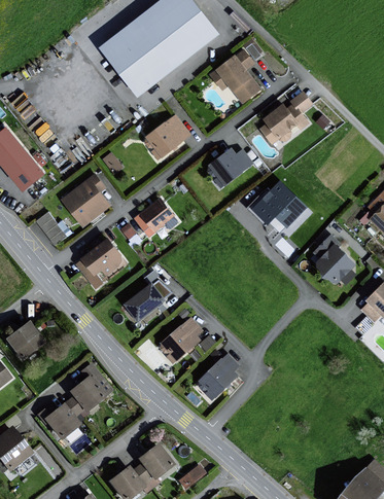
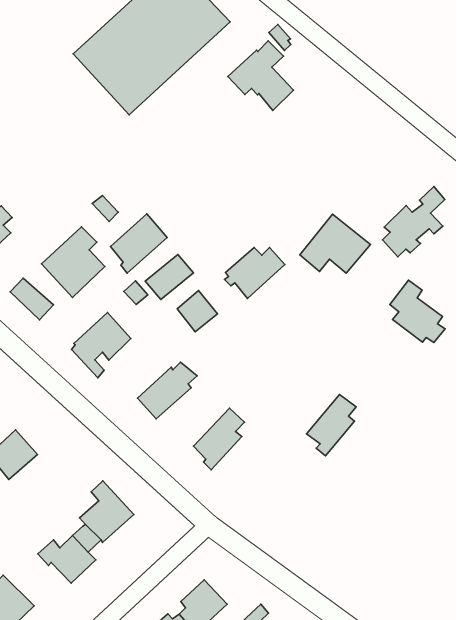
building: [261,94,310,143] -> [382,186,445,257]
building: [146,116,188,158] -> [111,214,167,273]
building: [207,149,252,186] -> [225,248,285,298]
building: none -> [177,290,218,332]
building: [200,356,238,400] -> [307,394,356,456]

